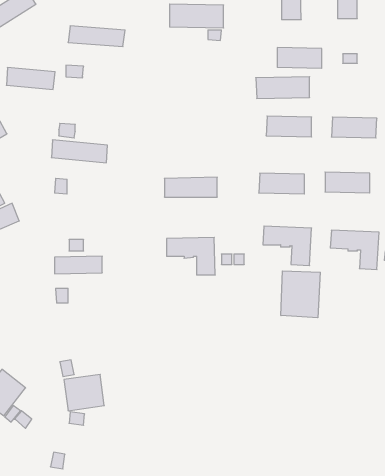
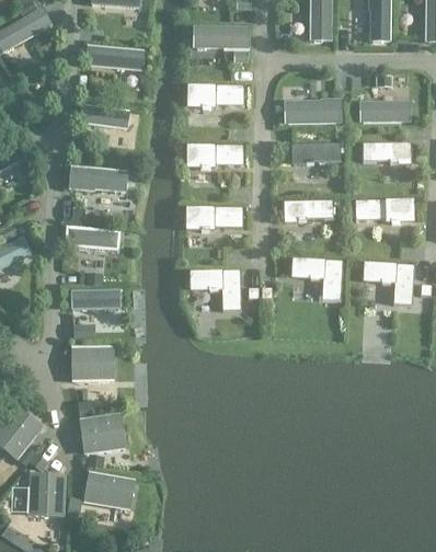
building: [277,48,322,68] -> [360,100,408,122]
building: none -> [186,83,242,104]
building: [6,68,55,89] -> [79,105,130,128]
building: none -> [187,143,243,164]
building: none -> [67,226,118,250]
building: [281,271,320,318] -> none
building: none -> [72,348,112,381]
building: none -> [83,473,134,507]
building: none -> [28,474,62,514]

